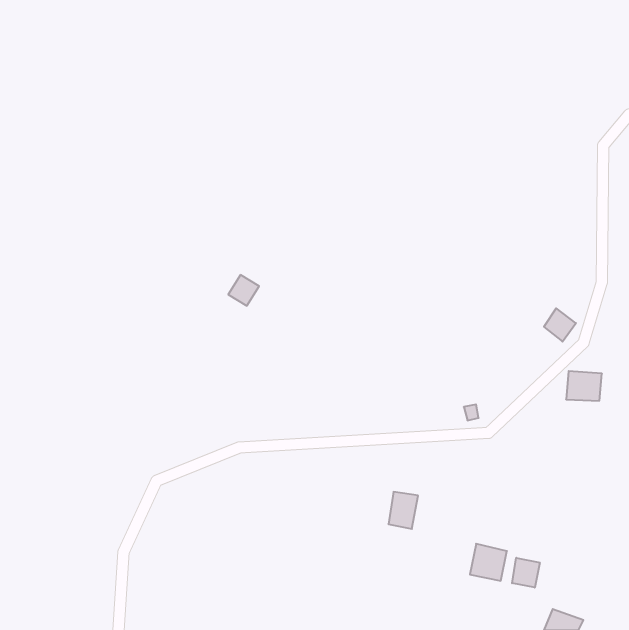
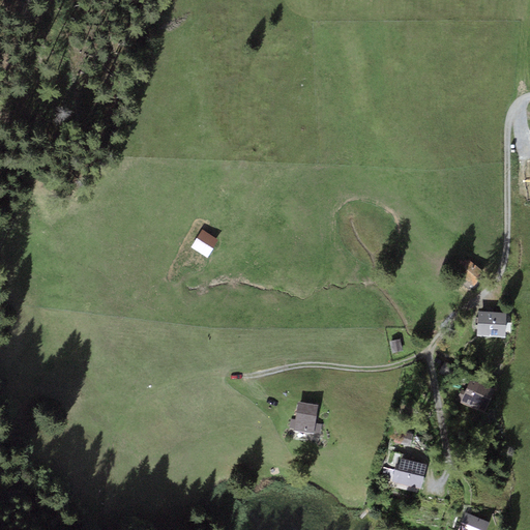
building: none -> [461,379,494,413]
building: [388,492,418,529] -> [293,403,318,434]
building: [512,558,540,588] -> none

